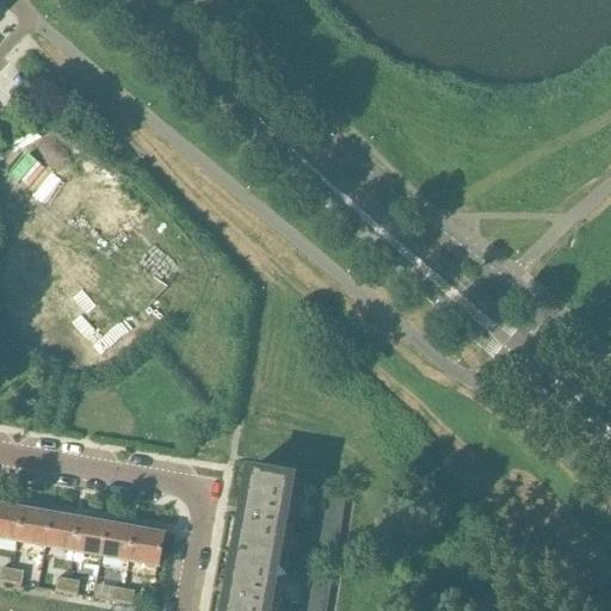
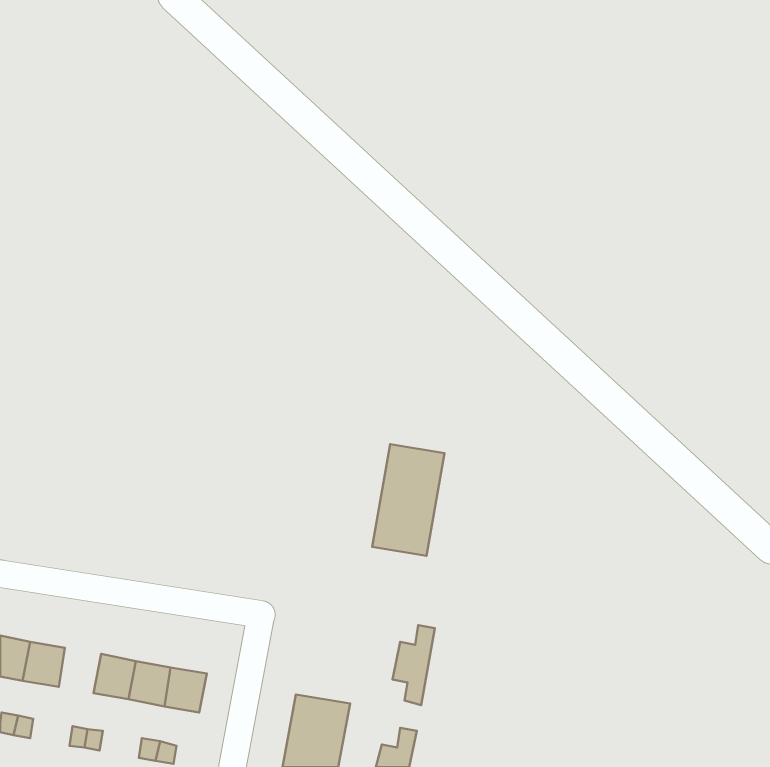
building: [235,468,292,556] -> [372,444,445,556]
building: [48,512,80,548] -> none

